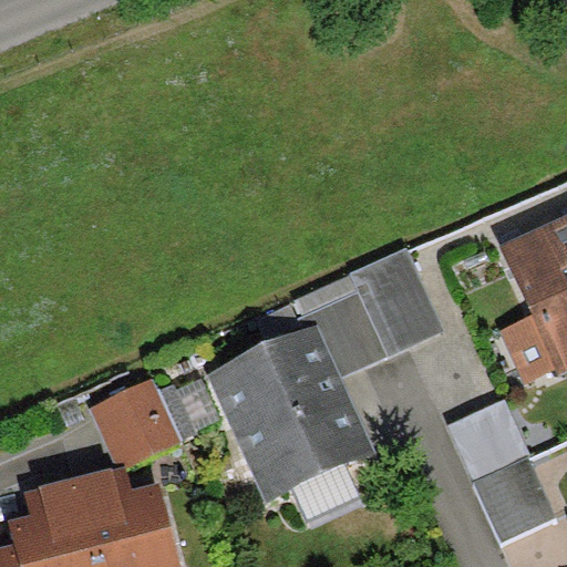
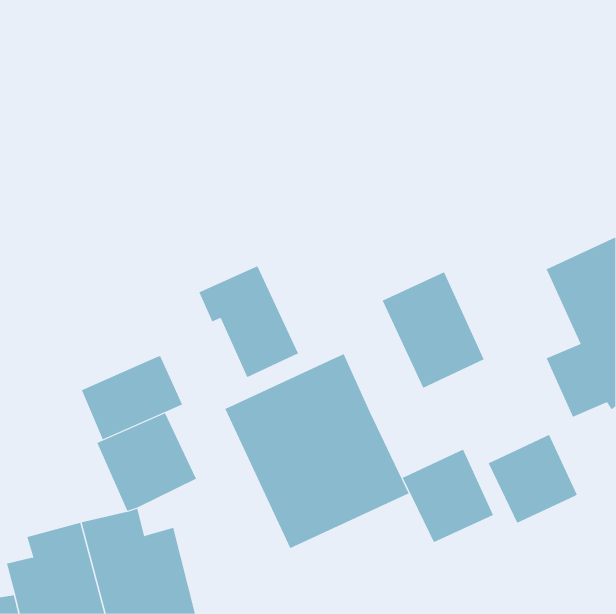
building: [296,276,388,379] -> [199,265,299,378]
building: none -> [81,356,183,440]
building: [472,455,556,542] -> [402,449,494,543]

